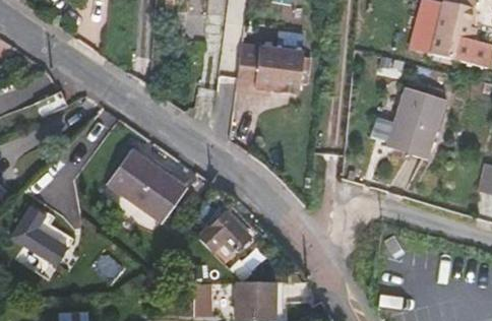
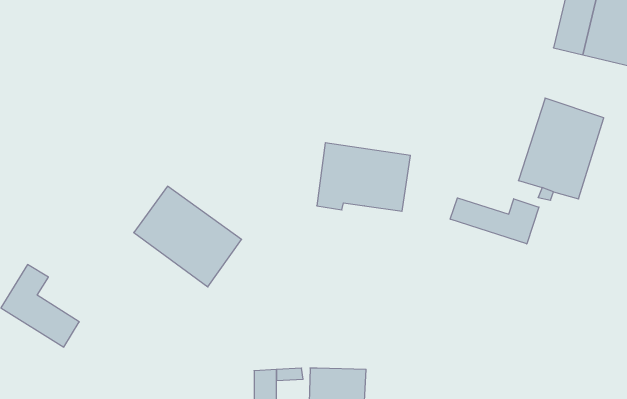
building: [239,41,307,90] -> [317,143,410,211]
building: none -> [450,198,539,244]
building: [197,212,249,263] -> none

